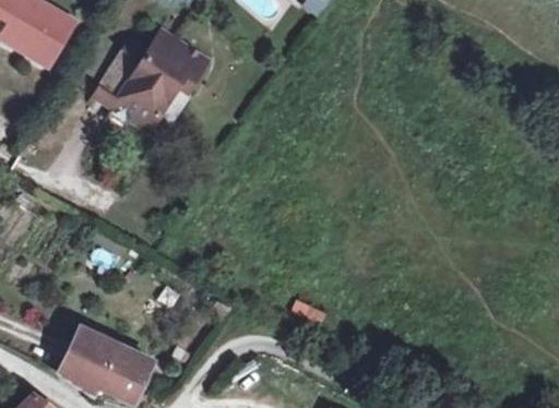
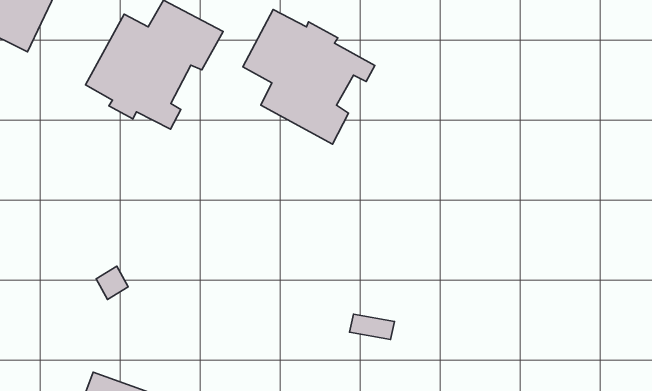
building: none -> [243,10,375,144]

